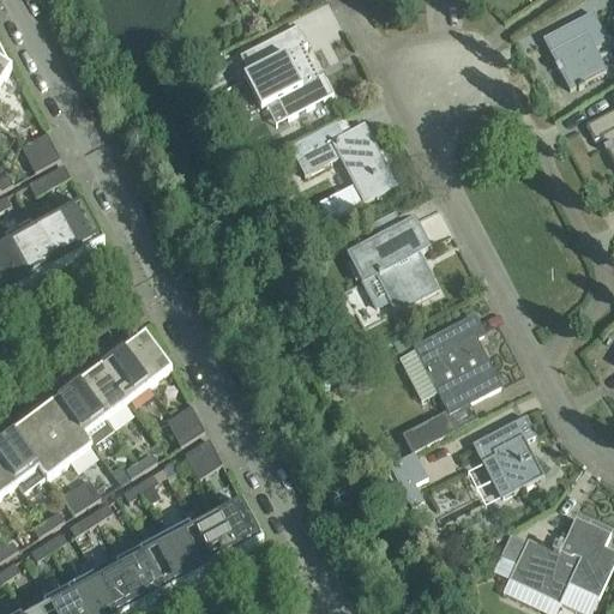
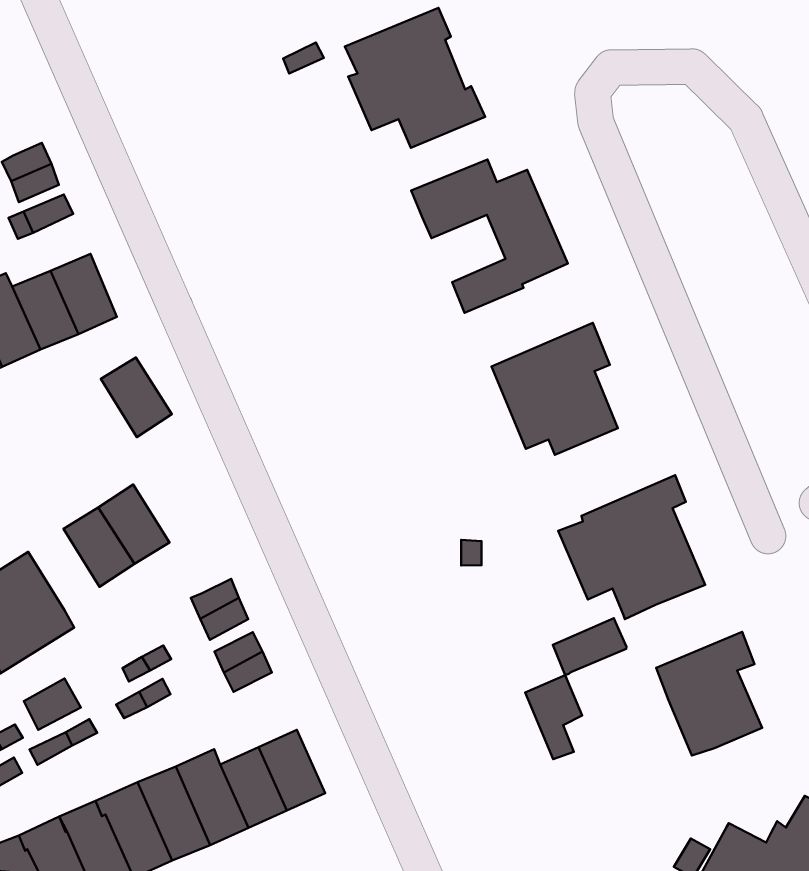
building: [122,333,170,385] -> [101,358,172,437]
building: [58,381,113,446] -> none

